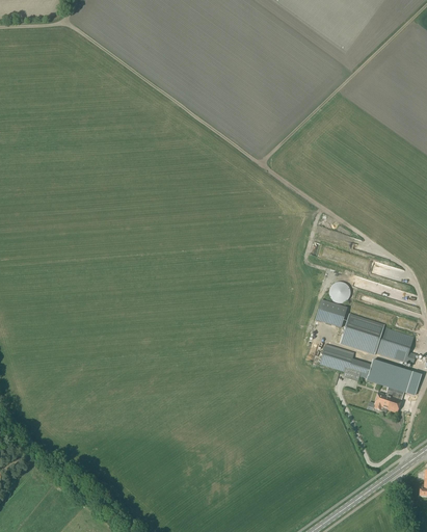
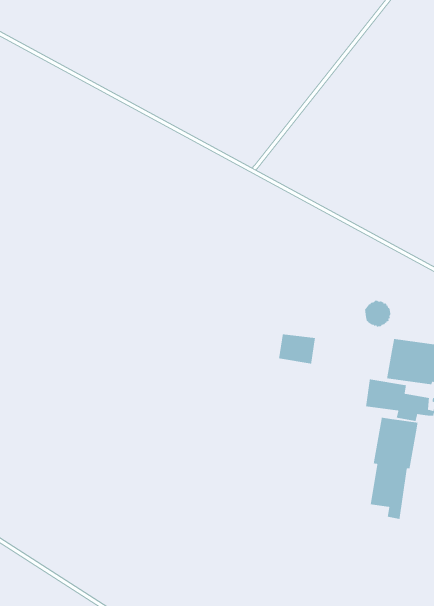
building: [315,299,347,327] -> [278,333,316,365]
building: none -> [370,417,419,520]

